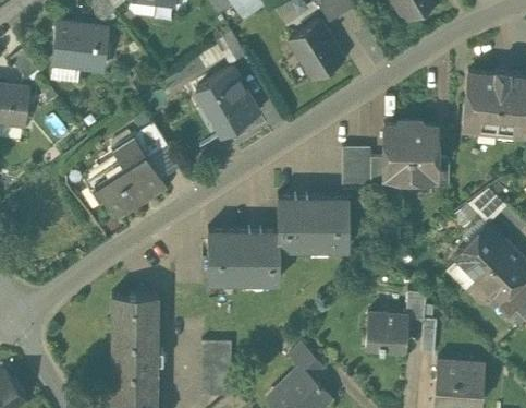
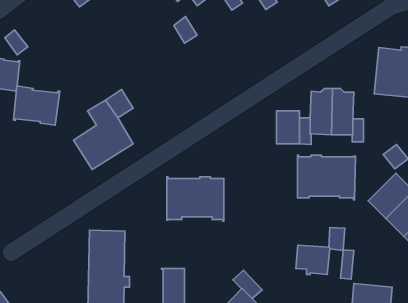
building: [288,22,344,81] -> none
building: [51,23,108,71] -> [13,86,60,125]
building: [196,70,258,136] -> none
building: [278,196,348,251] -> [298,155,355,200]

